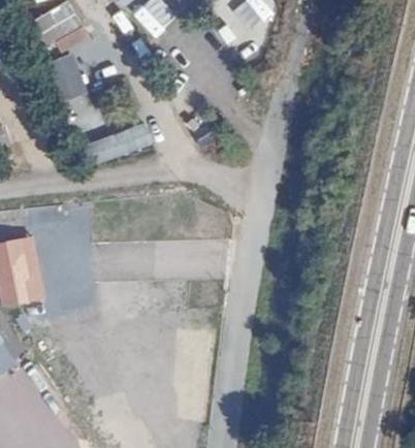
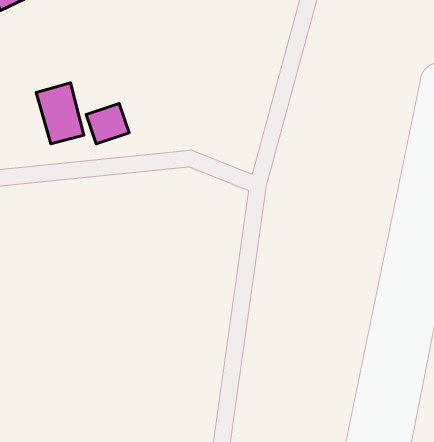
building: [46,53,89,103] -> none

